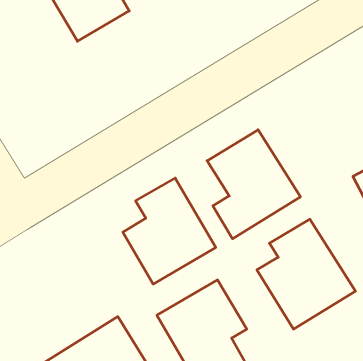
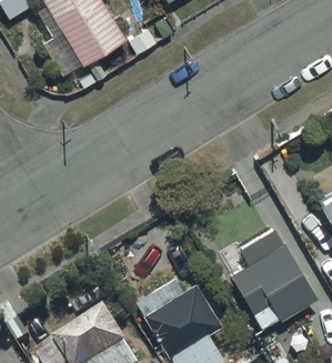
building: [207,130,300,239] -> none
building: [123,178,216,284] -> none

